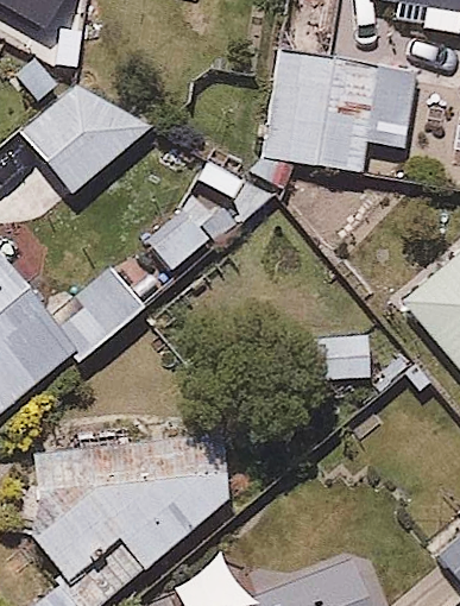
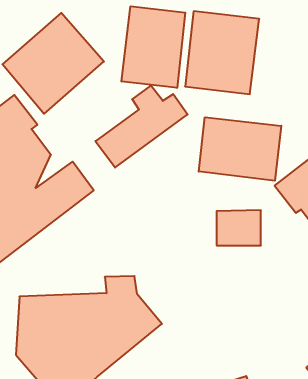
building: none -> [122,6,185,88]
building: none -> [199,117,281,181]

